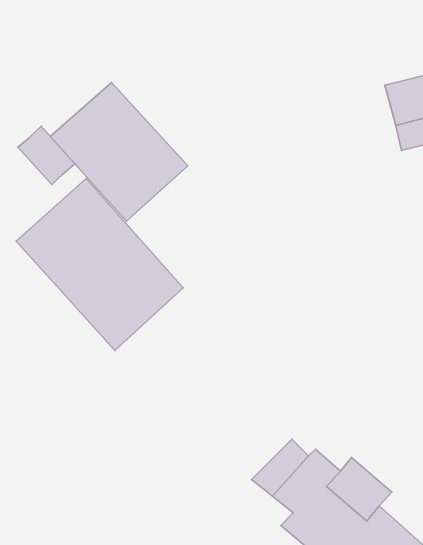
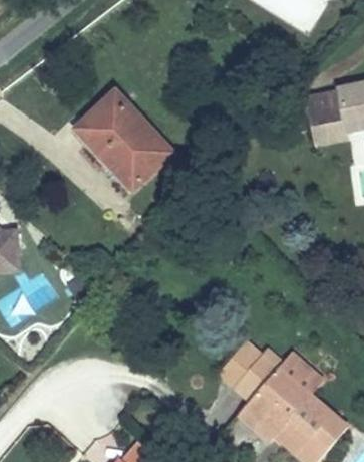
building: [18,126,75,185] -> none
building: [16,179,183,351] -> none

